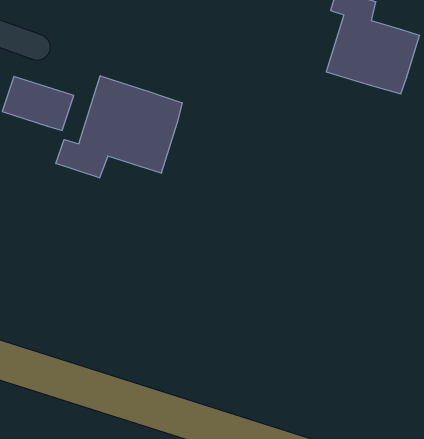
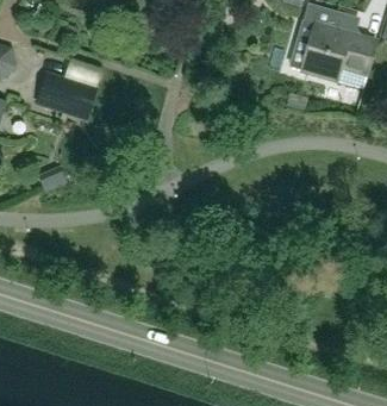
building: [56,76,182,178] -> none

